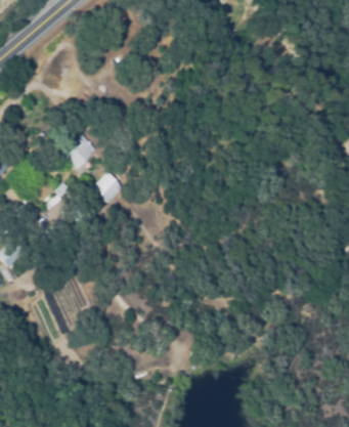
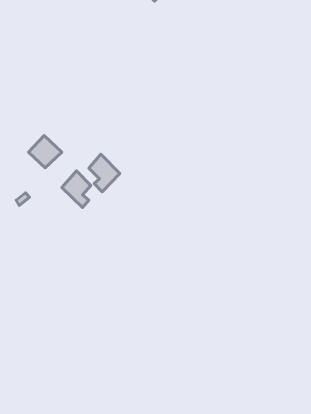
building: none -> [89,154,120,192]

